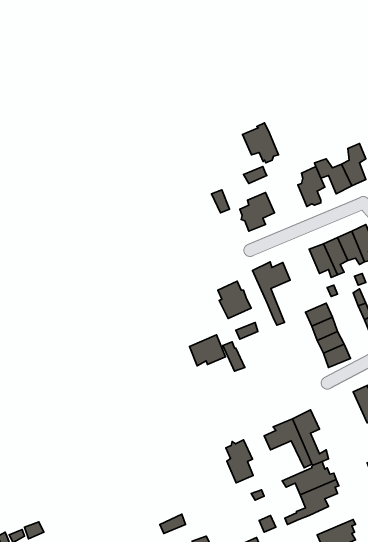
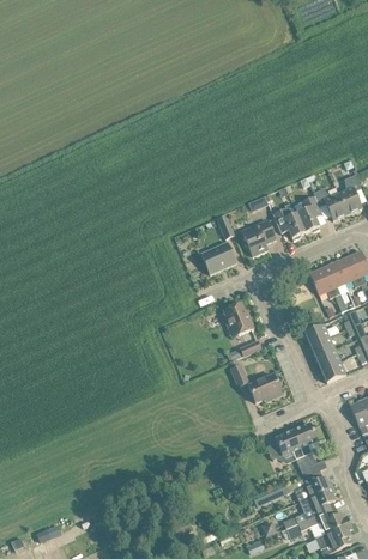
building: [243,123,279,163] -> [272,202,306,239]
building: none -> [200,242,236,274]
building: [252,262,290,325] -> none
building: [189,335,225,366] -> [248,373,282,402]
building: [226,440,253,483] -> none
building: none -> [298,511,349,537]

